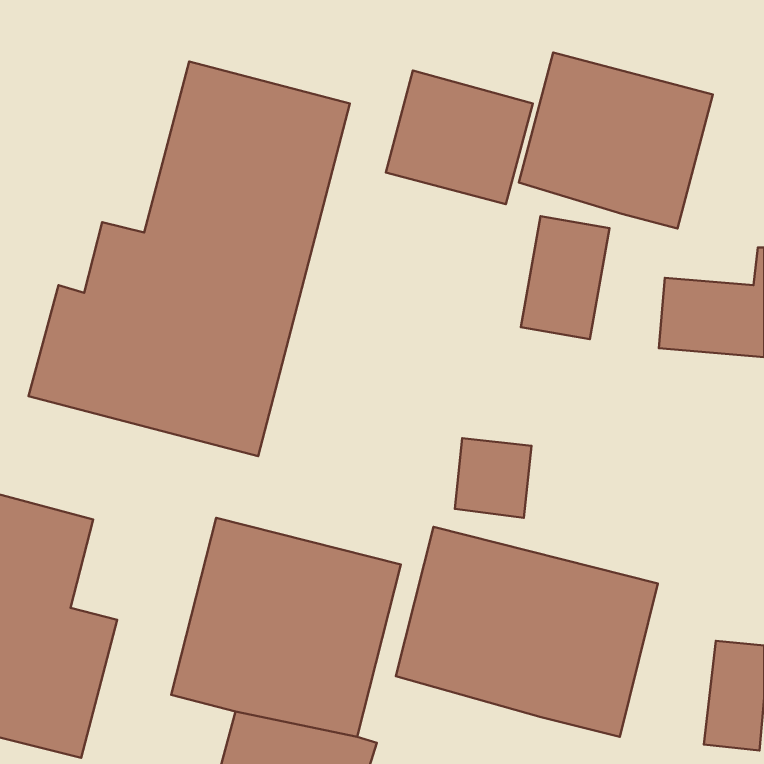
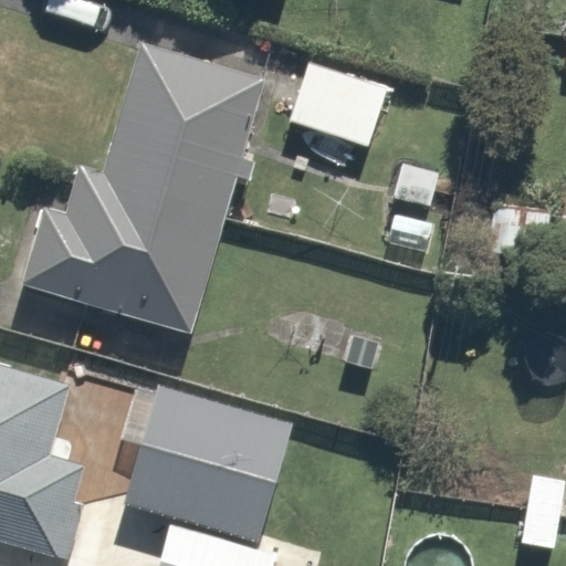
building: [519,52,713,228] -> none
building: [396,527,658,737] -> none

